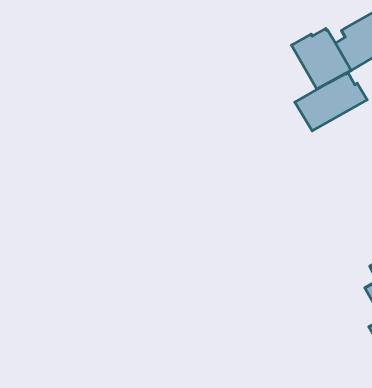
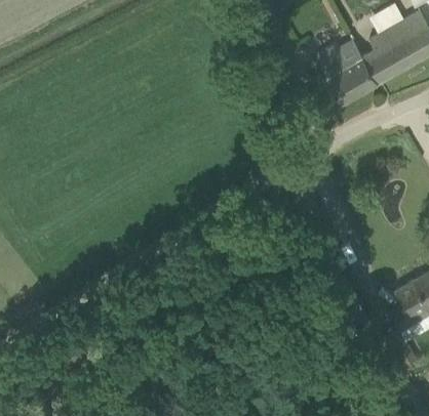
building: [295,73,367,131] -> none

